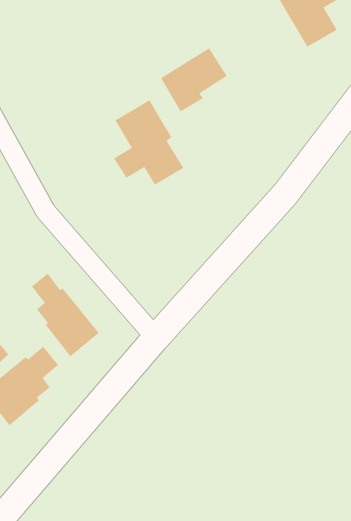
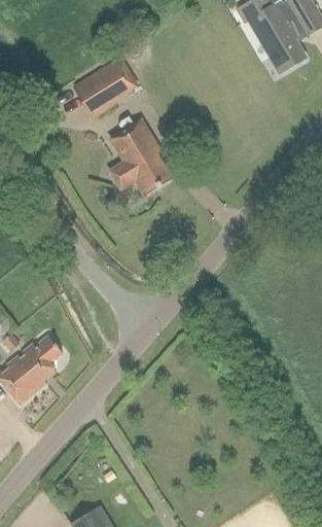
building: [160,47,227,112] -> [77,59,136,115]
building: [31,273,99,357] -> none

